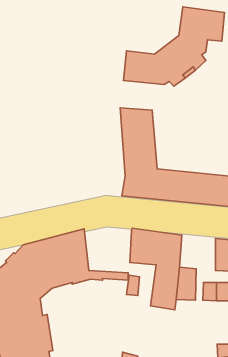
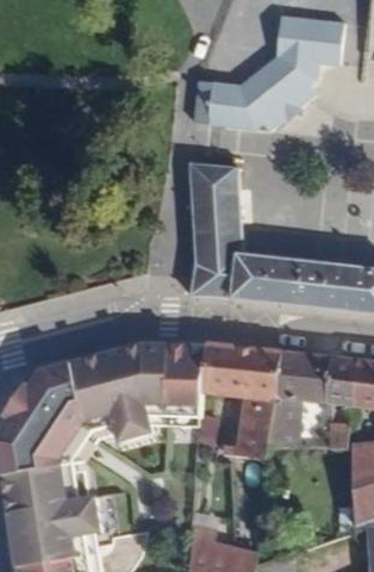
building: none -> [135,343,205,409]
building: none -> [276,353,330,405]

